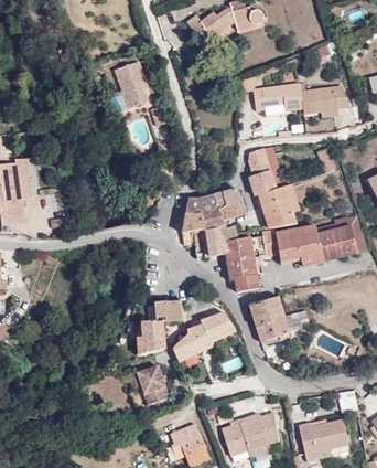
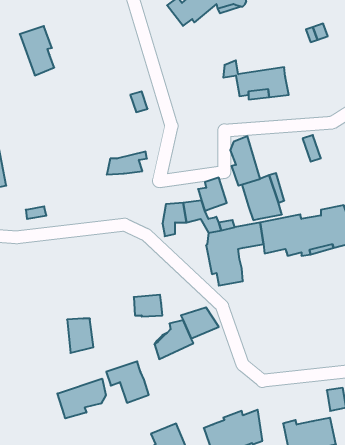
building: [115,61,148,108] -> [20,26,54,75]
building: [300,84,348,114] -> none
building: [185,191,224,213] -> [107,152,147,175]
building: [194,227,226,258] -> none
building: [249,296,290,341] -> none
building: [140,320,165,353] -> [67,319,93,353]
building: none -> [57,379,106,418]

